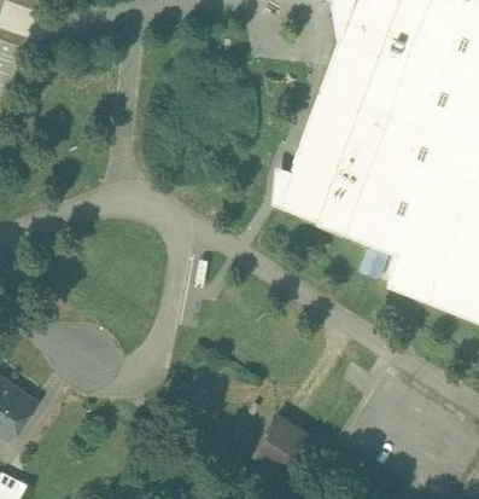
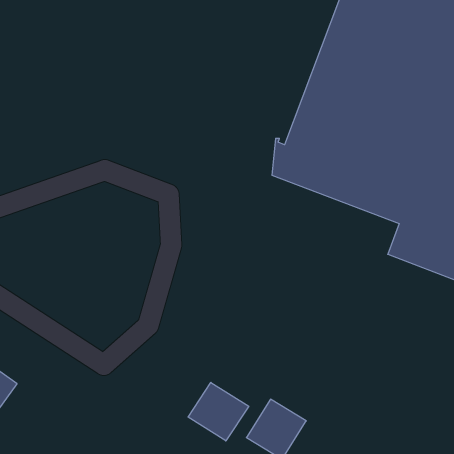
building: none -> [188,382,249,441]

